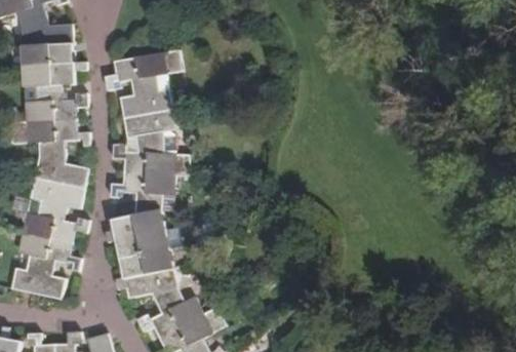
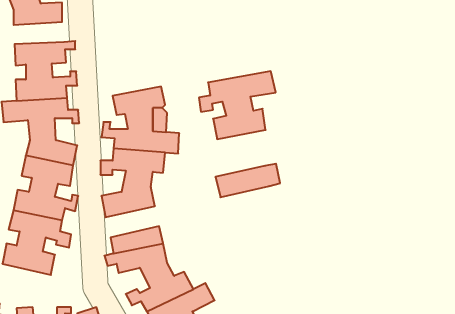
building: [23,43,74,66] -> none
building: [105,49,183,118] -> [199,71,276,139]
building: [116,228,182,262] -> [215,164,280,197]

